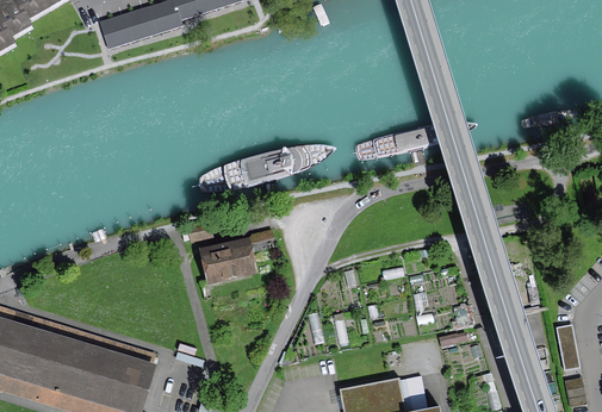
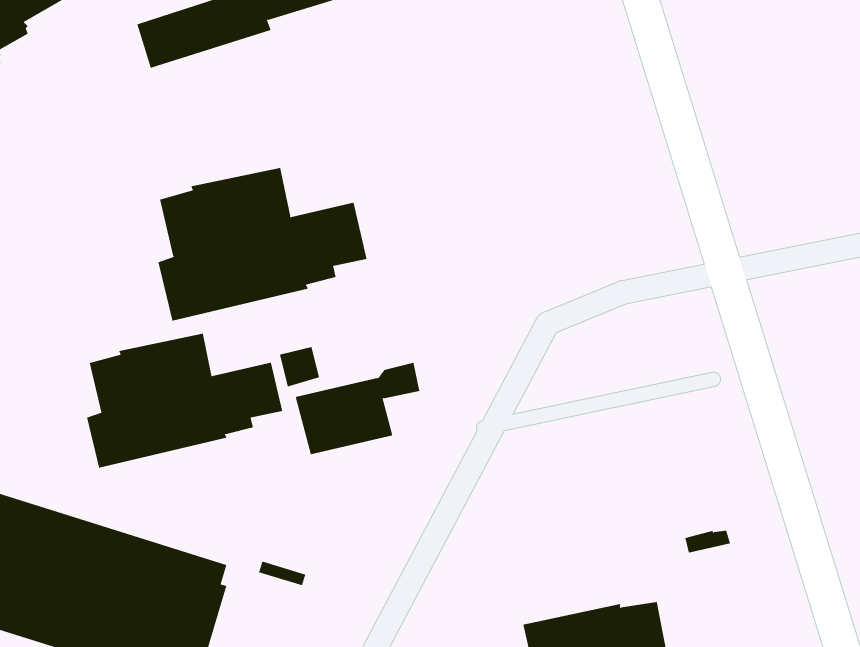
building: none -> [158,167,367,321]
building: none -> [87,333,283,469]

